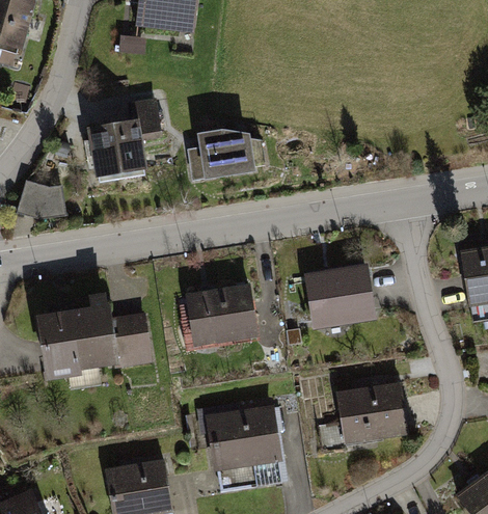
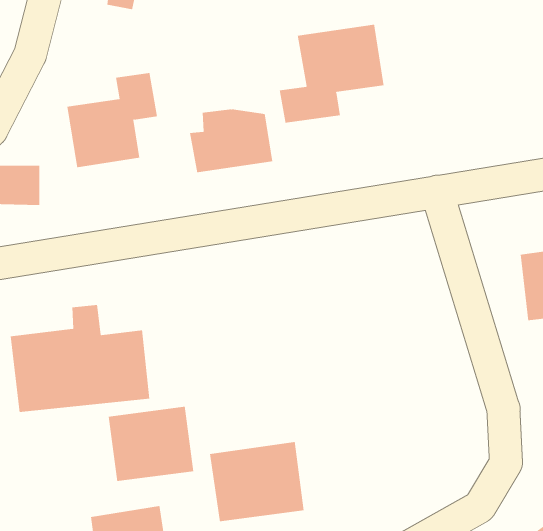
building: none -> [279,24,384,124]
building: [305,268,372,330] -> none
building: [185,287,256,349] -> [108,406,194,482]
building: [337,381,408,444] -> none

